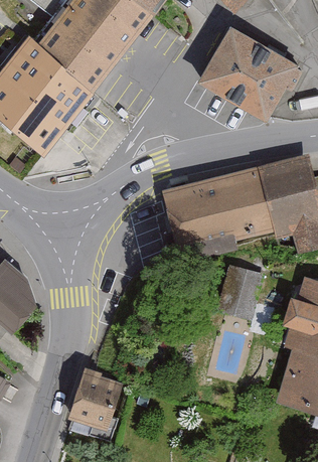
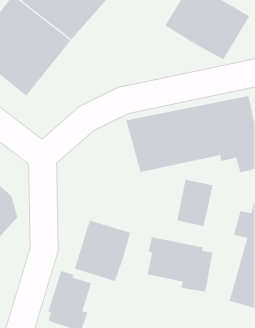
building: none -> [74,220,131,282]
building: none -> [147,236,213,292]

